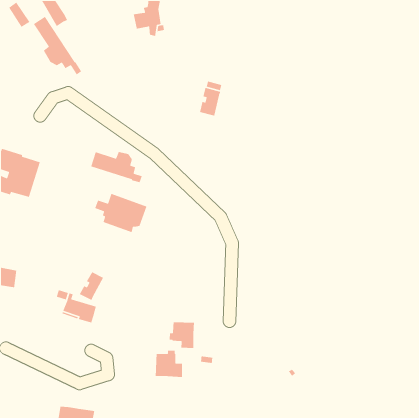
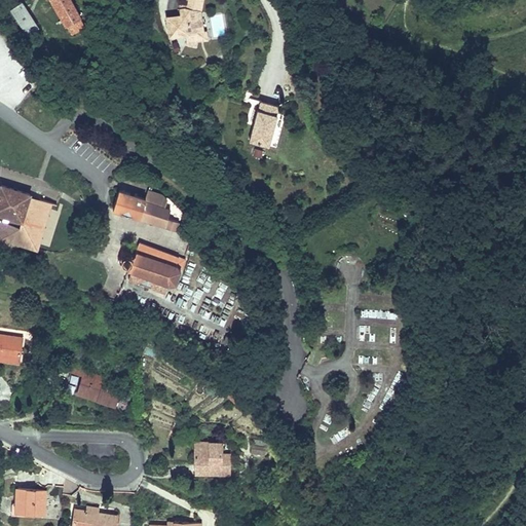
building: [33,16,82,75] -> none
building: [79,271,104,301] -> none
building: [169,322,195,349] -> none
building: none -> [15,488,47,513]

